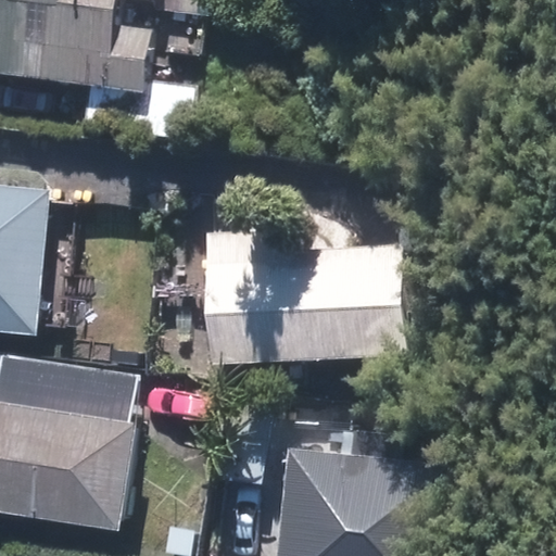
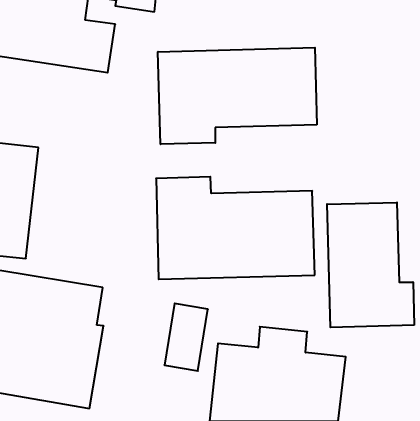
building: none -> [158,48,317,144]
building: none -> [327,202,414,327]

